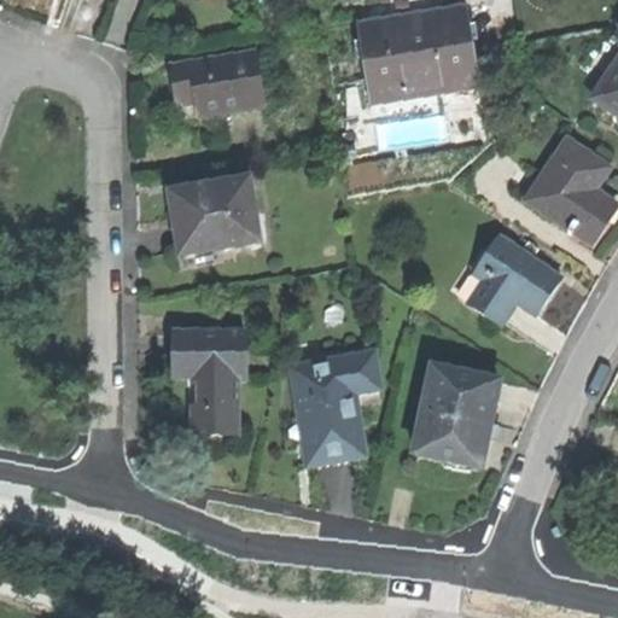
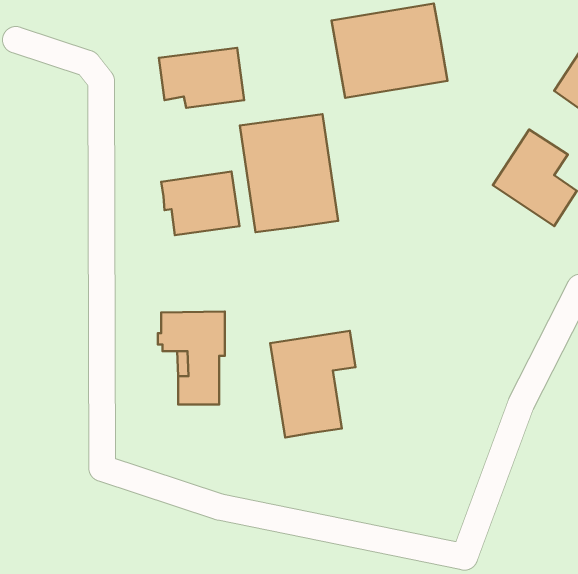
building: none -> [240,114,338,232]
building: [457,234,561,326] -> none
building: [412,366,497,466] -> none

